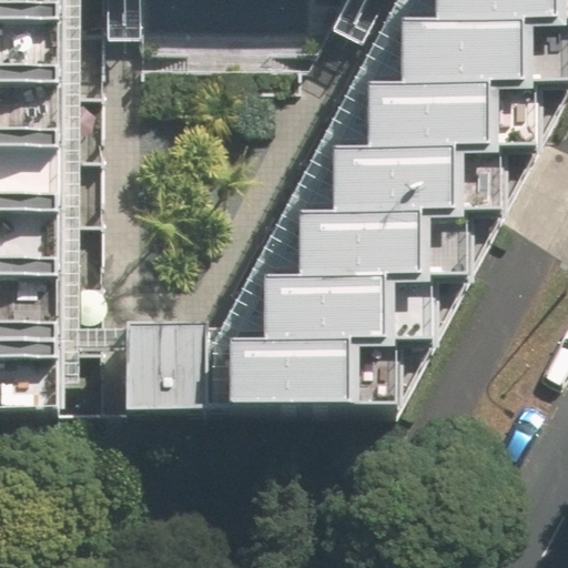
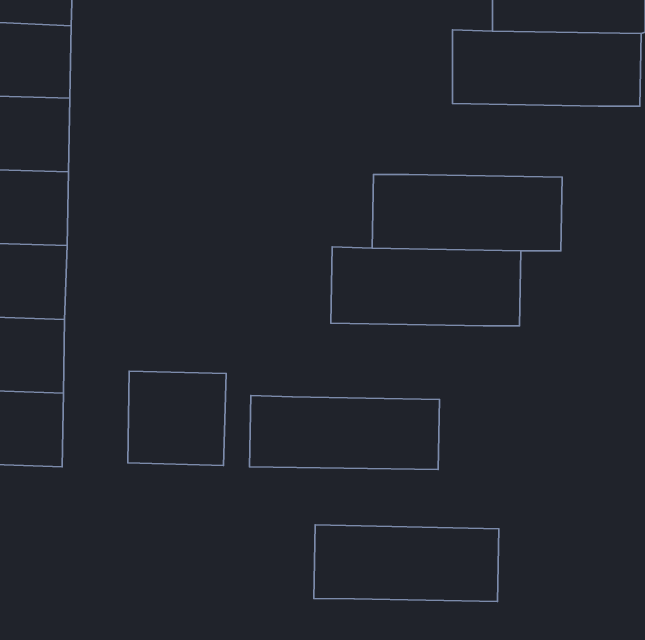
building: [351,89,514,153] -> none
building: [251,276,415,343] -> none
building: none -> [314,525,499,601]

